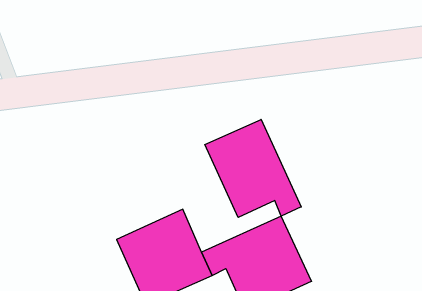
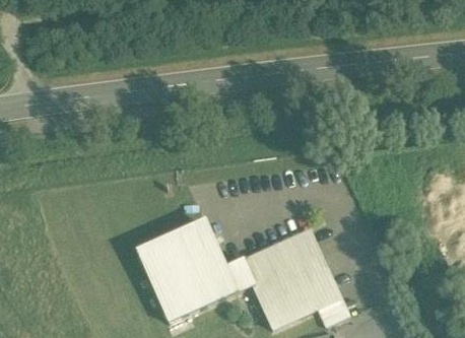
building: [205,119,301,217] -> none

